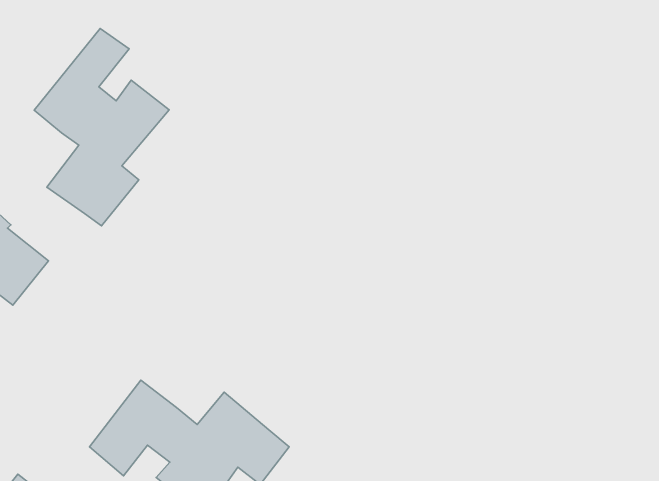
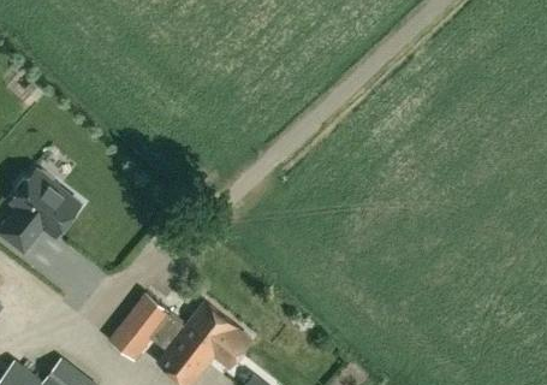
building: [34,29,169,226] -> none

